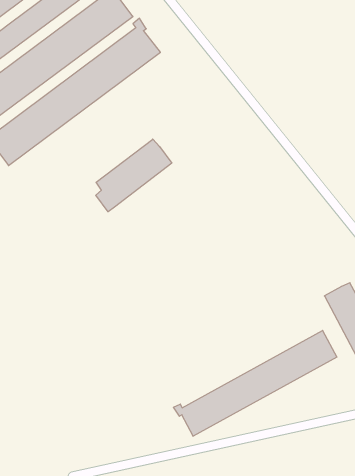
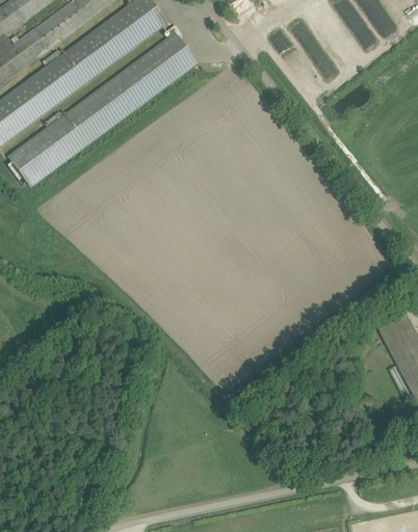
building: [96,139,172,212] -> none
building: [173,330,337,436] -> none

